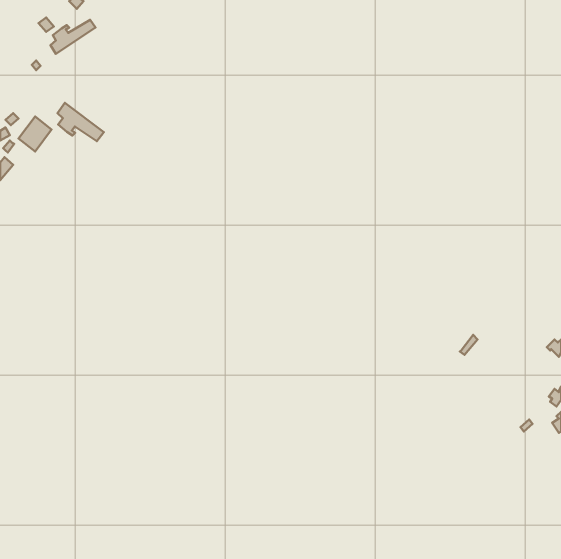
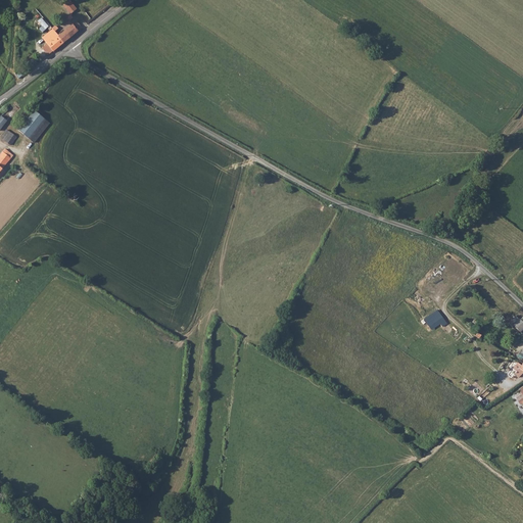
building: [57,103,104,141] -> none

